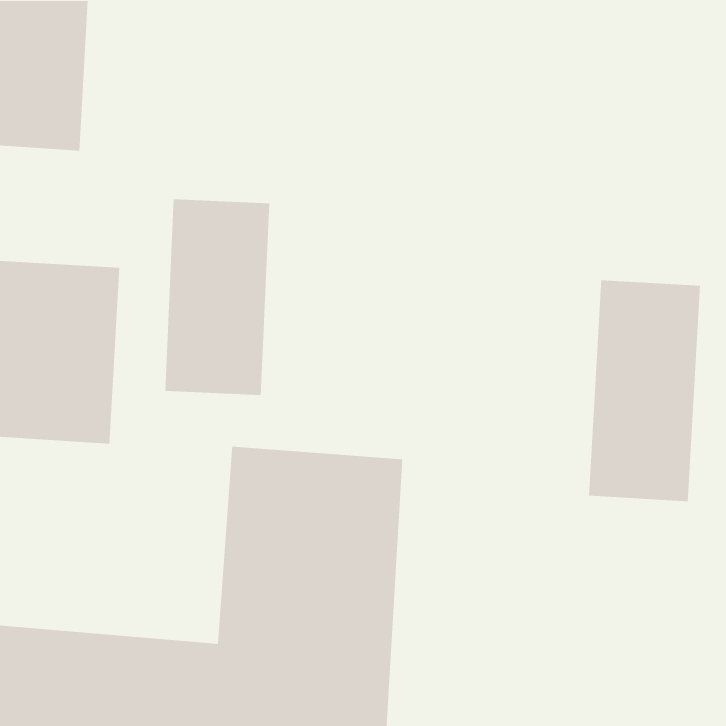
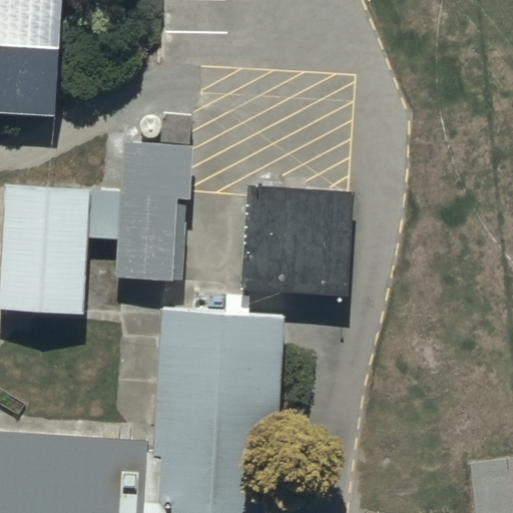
building: none -> [235,182,347,292]
building: [588,280,701,502] -> none

